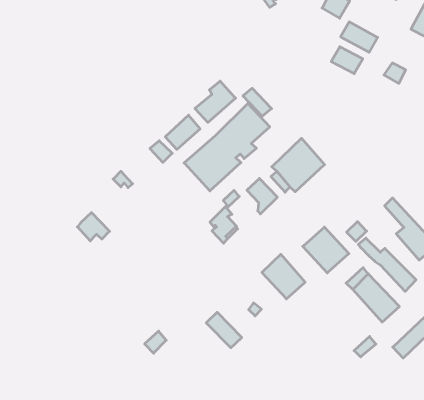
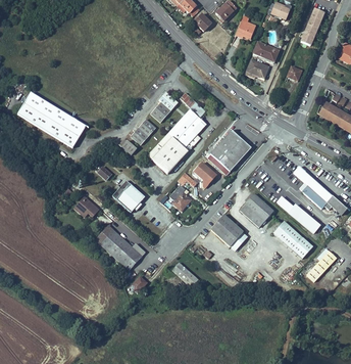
building: none -> [18,92,87,149]
building: none -> [112,179,144,211]
building: none -> [94,224,144,269]

